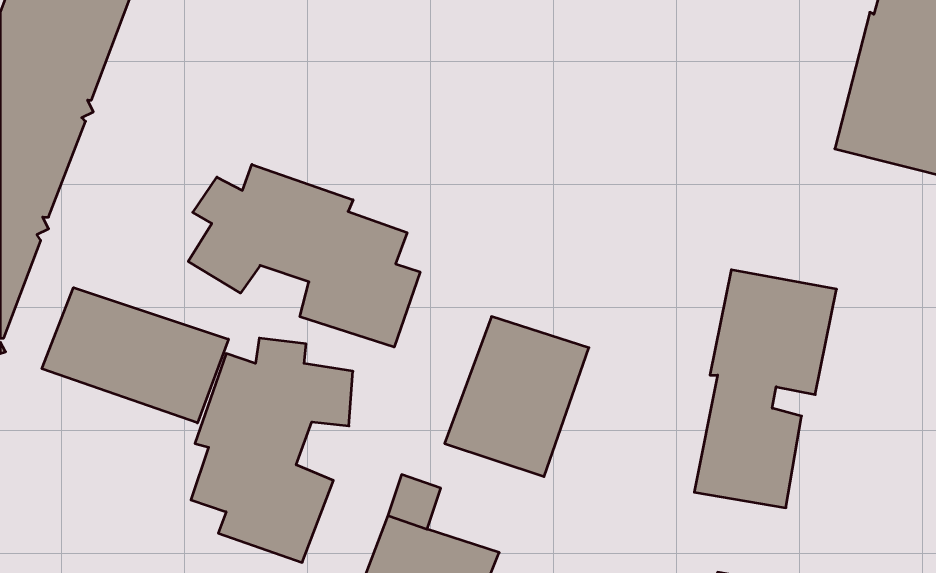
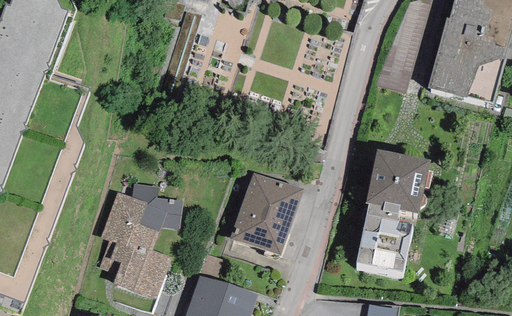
building: [188,164,420,347] -> none
building: [42,288,228,423] -> none

